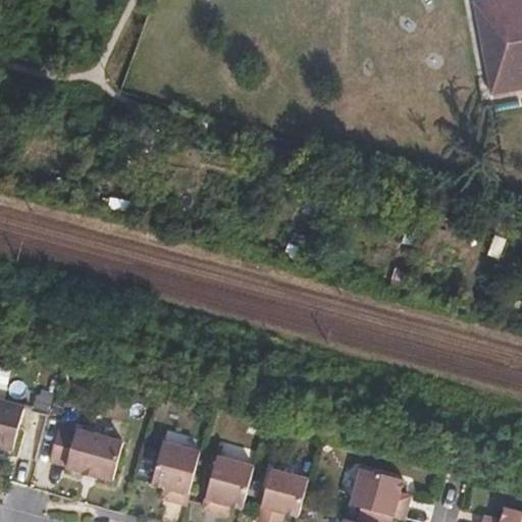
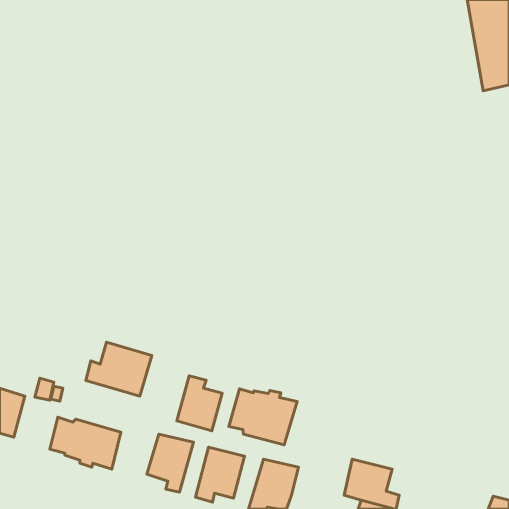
building: none -> [86,342,152,396]
building: none -> [177,376,222,431]
building: none -> [229,389,297,445]

